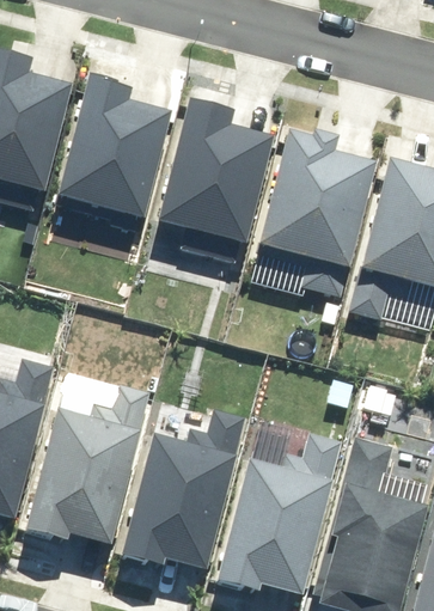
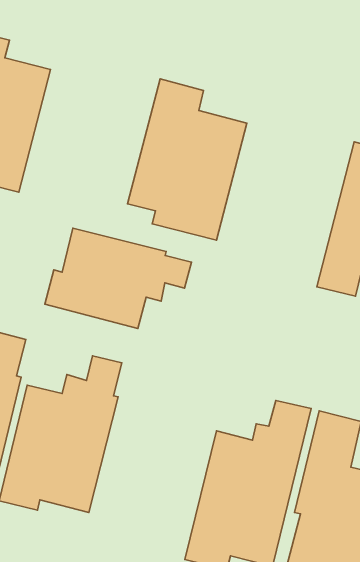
building: [55,69,177,224] -> none
building: [257,128,377,294] -> none
building: none -> [45,228,191,328]
building: [121,402,250,572] -> none

